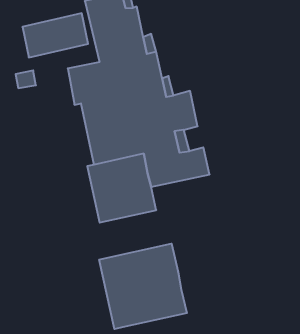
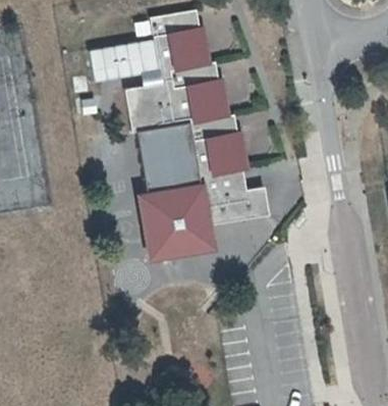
building: [99,244,187,329] -> none

